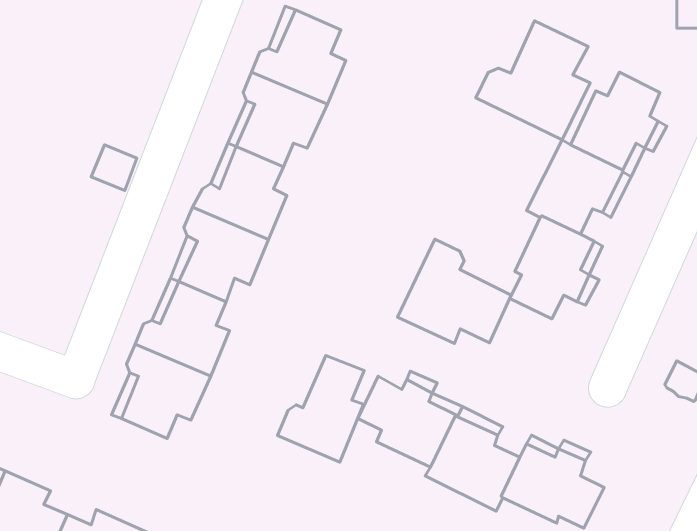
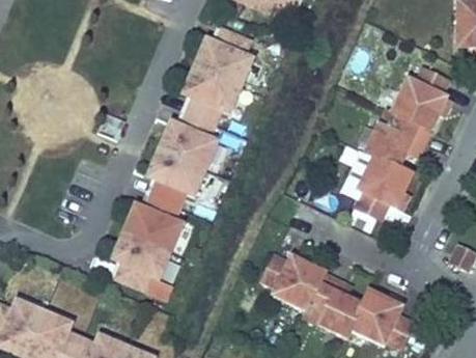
building: [476,21,590,140] -> none
building: [397,239,511,344] -> none
building: [277,356,364,462] -> none

